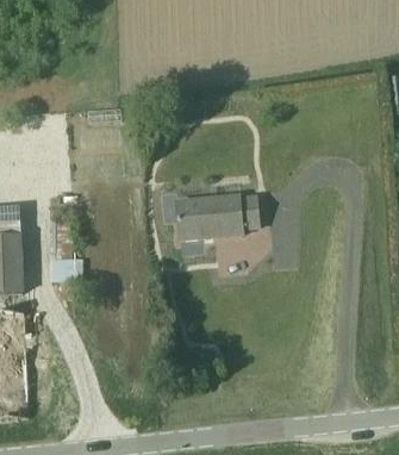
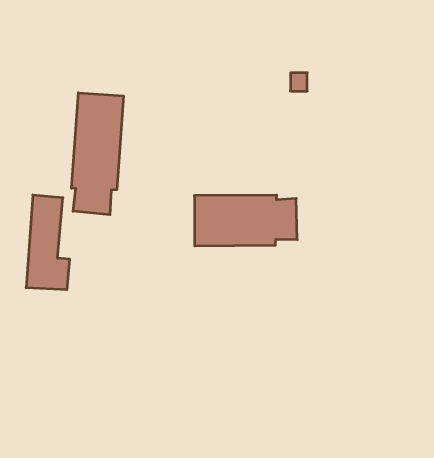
building: none -> [72,93,123,215]

